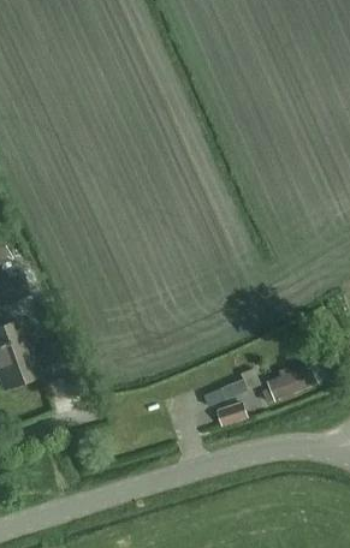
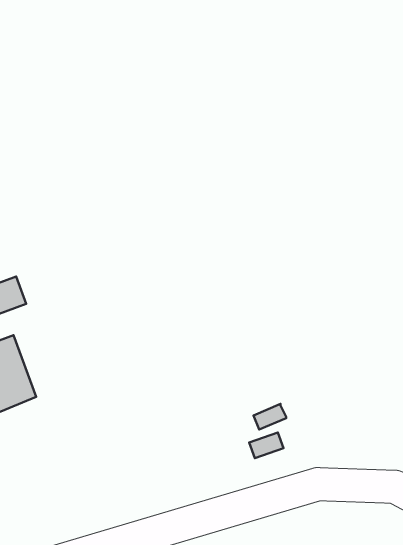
building: [265,365,318,401] -> none

